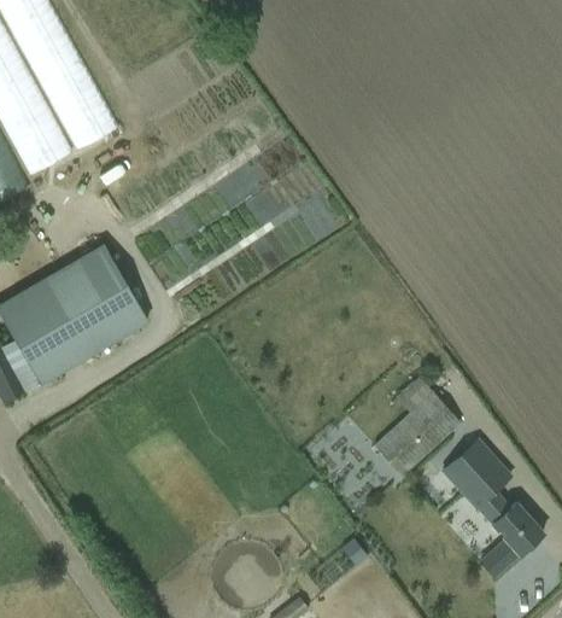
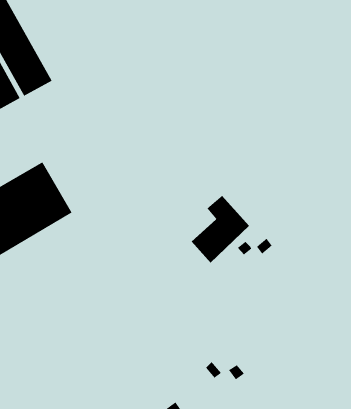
building: [373,378,459,478] -> [191,195,250,264]
building: [443,441,541,576] -> none

